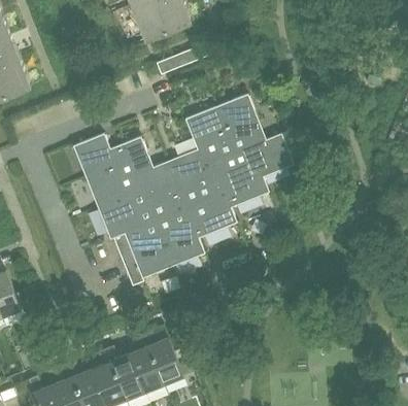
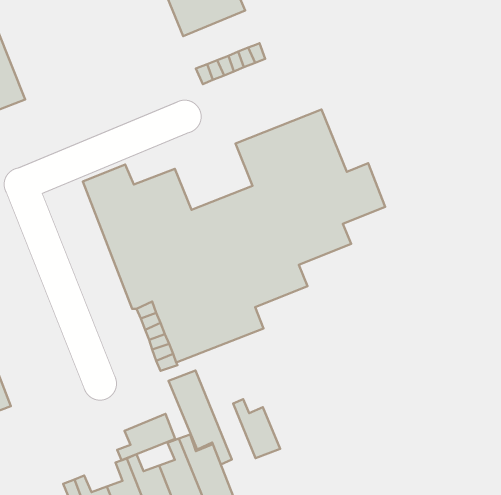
building: none -> [169,370,232,464]
building: none -> [233,399,280,458]
building: none -> [117,414,175,460]

